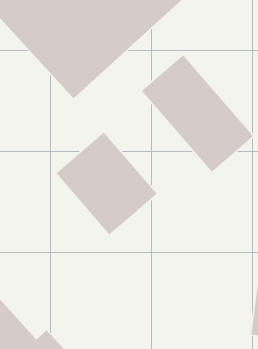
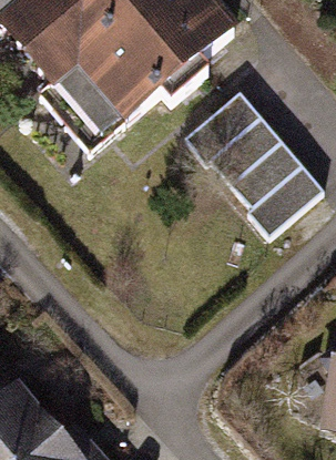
building: [55,131,158,236] -> none

